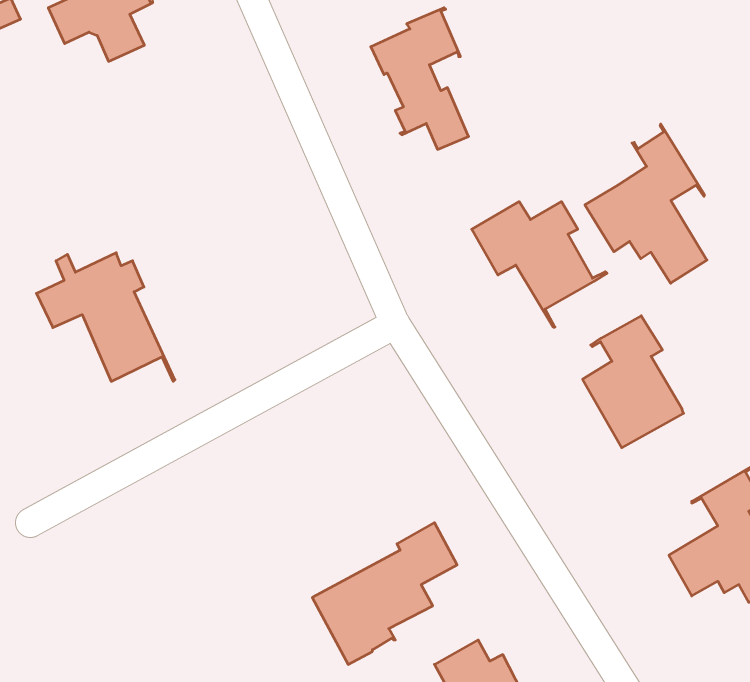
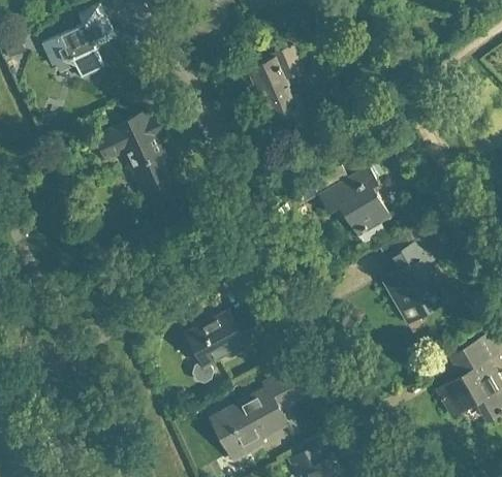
building: [585,124,707,283] -> none
building: [36,253,175,381] -> [95,112,183,193]
building: none -> [185,306,265,383]

